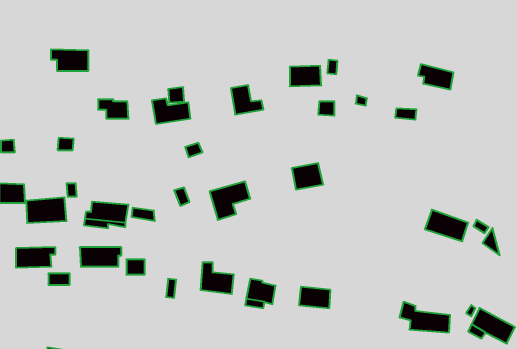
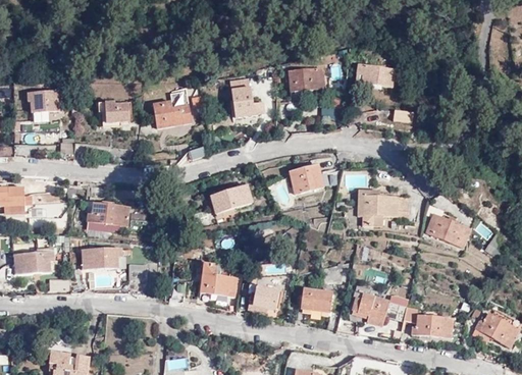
building: [51,49,88,71] -> [24,92,62,113]
building: [418,64,453,90] -> [358,62,394,88]
building: none -> [359,192,408,225]
building: none -> [348,291,406,326]

